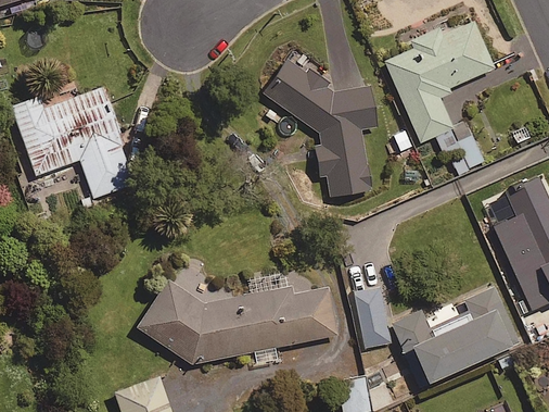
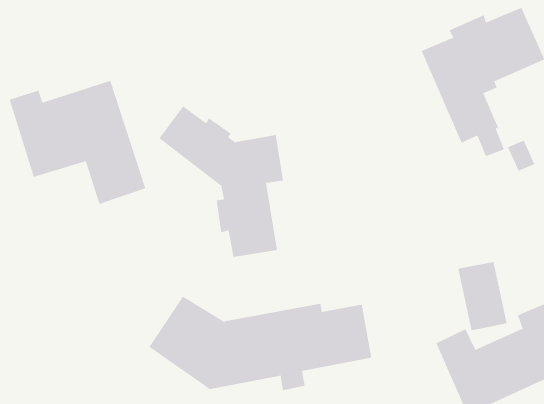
building: [263,61,374,197] -> [159,105,284,258]
building: [349,286,394,348] -> [458,261,507,331]

